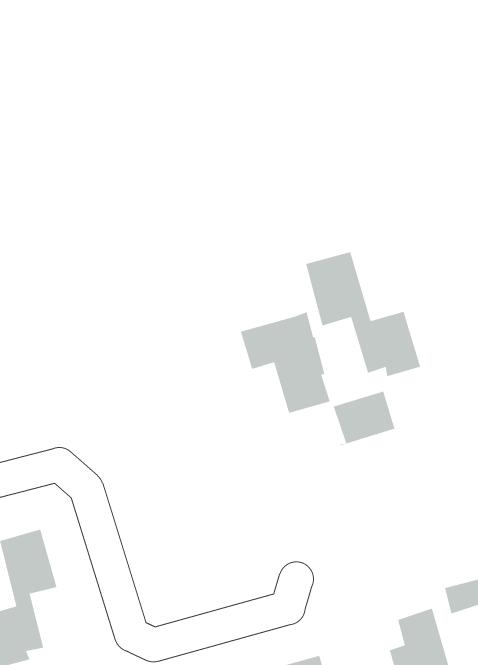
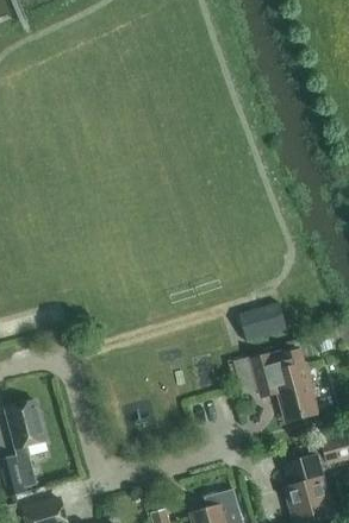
building: [305,251,421,377] -> none
building: [240,311,331,414] -> [251,346,316,418]

